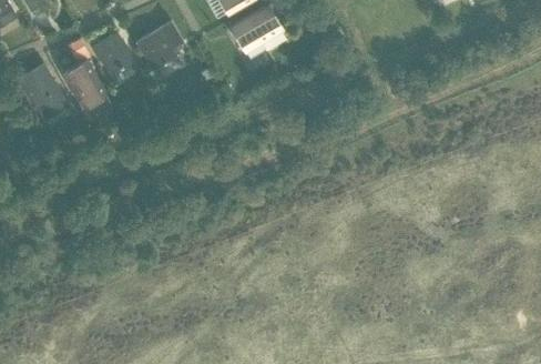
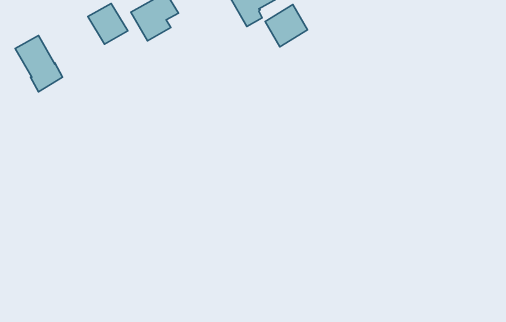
building: none -> [265,5,308,47]
building: [64,61,108,109] -> none

